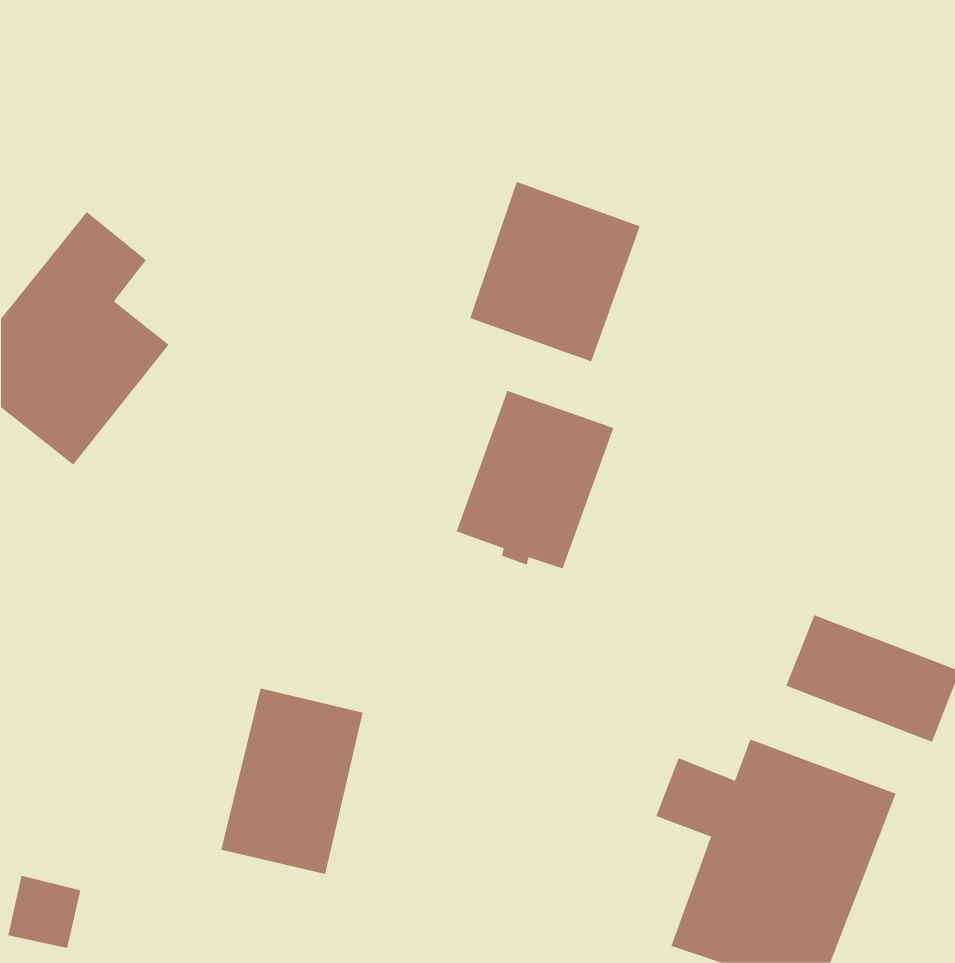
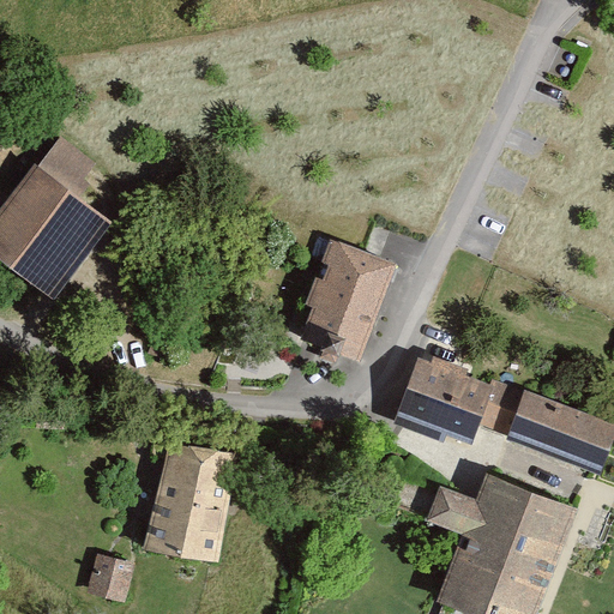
building: [470,181,641,362] -> none
building: none -> [395,359,495,450]
building: [8,875,81,949] -> [86,550,133,597]

